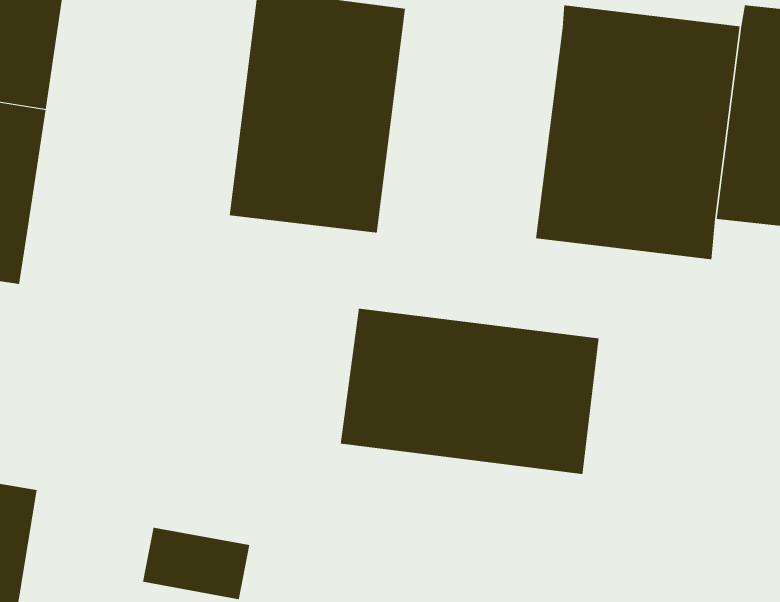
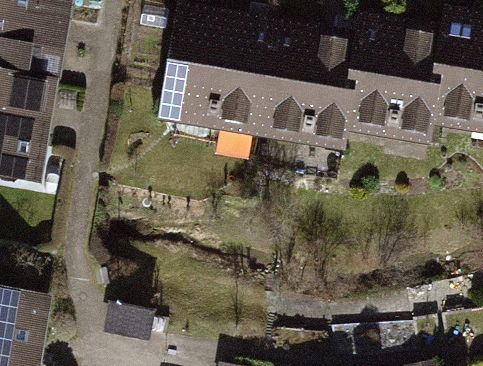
building: none -> [244,20,348,158]
building: [340,308,599,475] -> none

